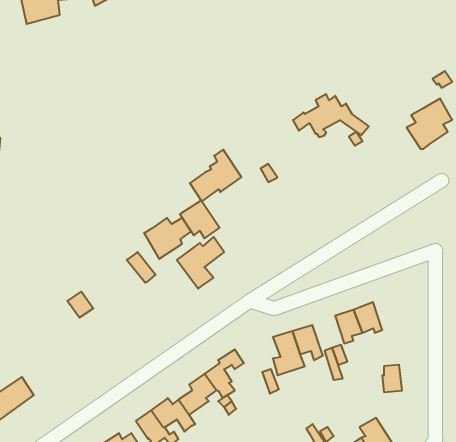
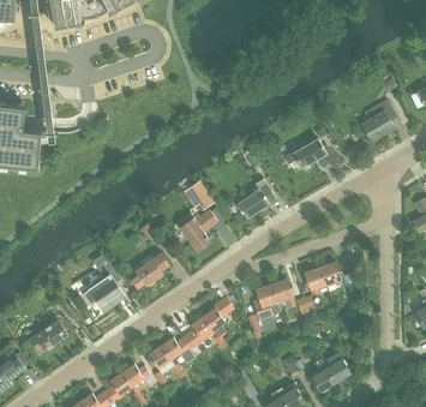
building: [293,94,369,137] -> [282,136,342,169]
building: [190,150,241,201] -> [235,178,276,219]
building: [144,218,191,259] -> [131,253,168,286]
building: none -> [82,275,124,310]

